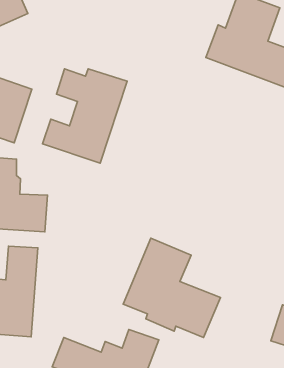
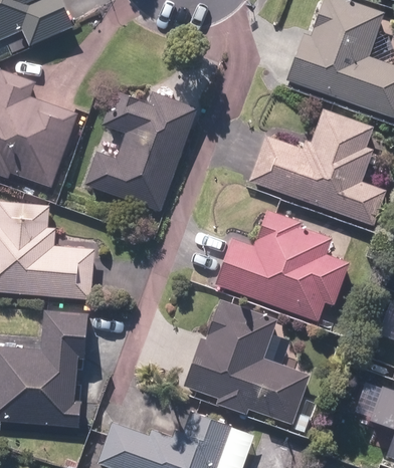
building: none -> [252,115,378,218]
building: none -> [218,208,361,327]

